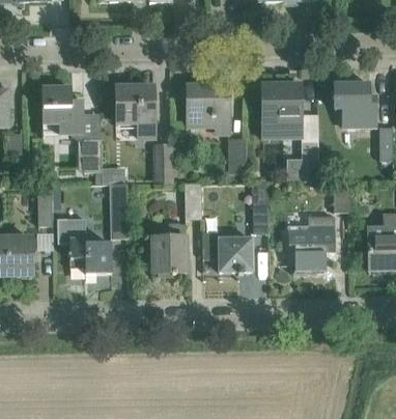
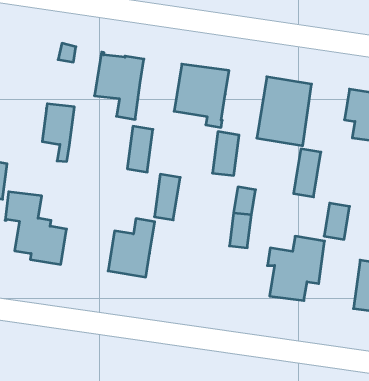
building: [41,86,83,133] -> none
building: [109,184,128,238] -> none
building: [202,229,252,271] -> none

